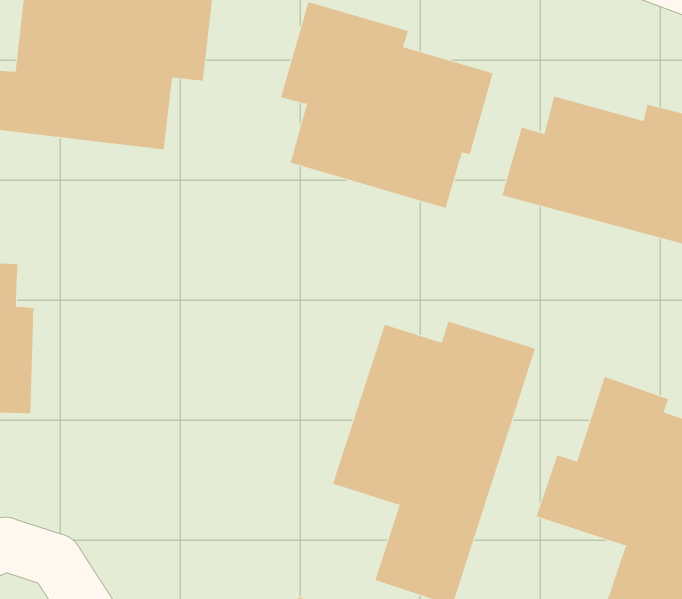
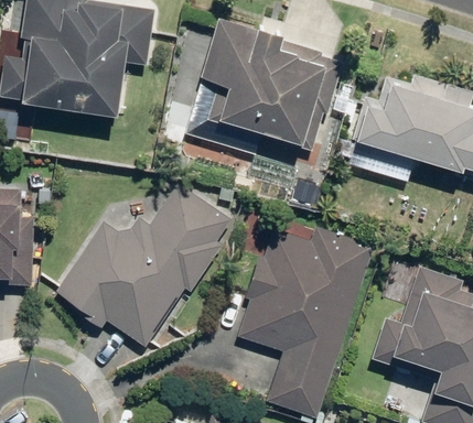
building: none -> [54,185,229,349]

